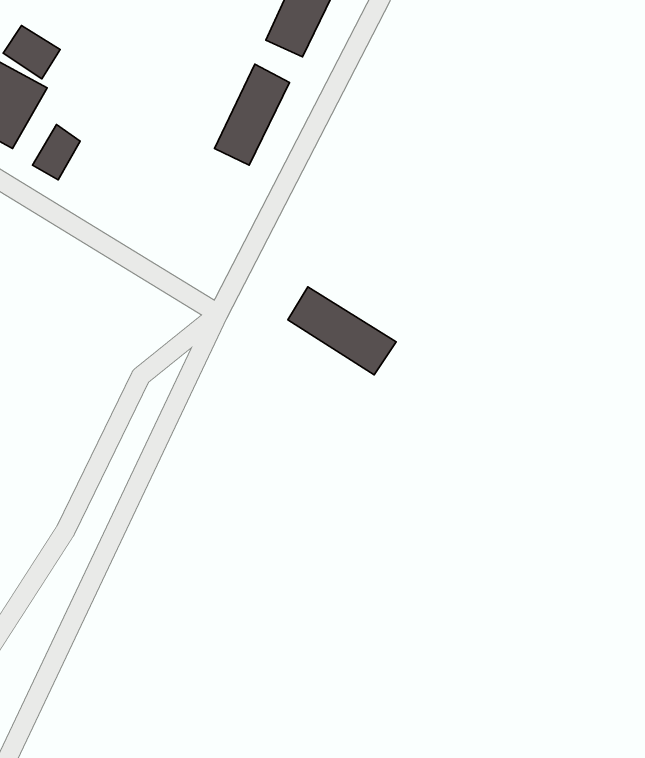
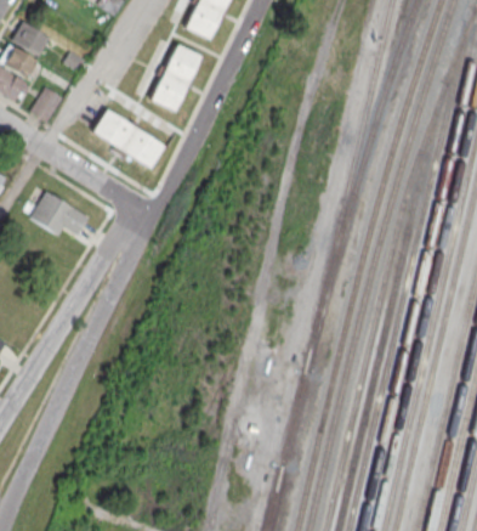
building: none -> [29,190,89,235]
building: [288,287,396,375] -> [92,111,164,169]

